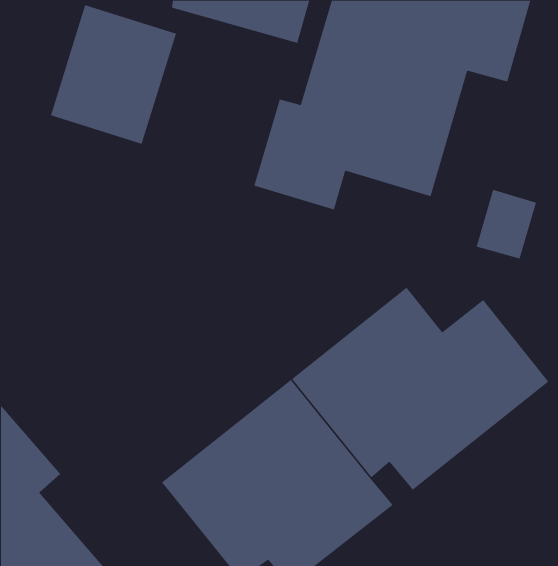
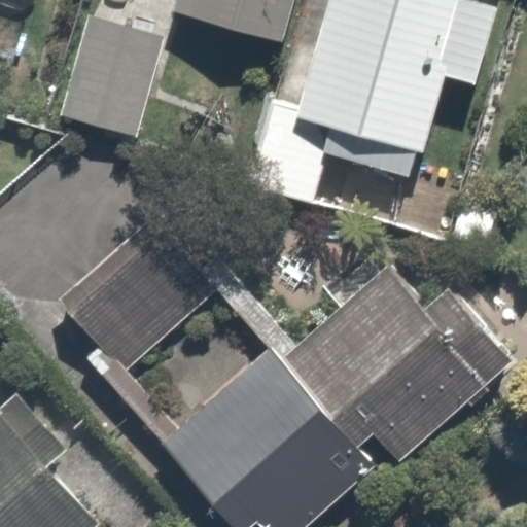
building: none -> [55,221,215,382]

